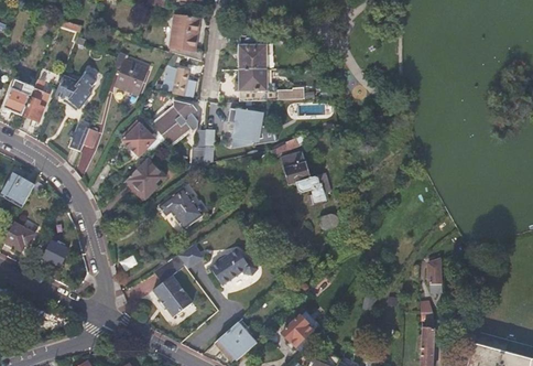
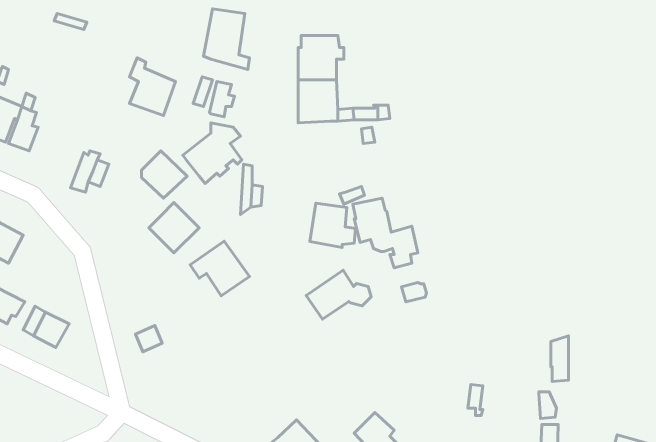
building: [55,73,94,109] -> none
building: [233,109,268,142] -> [310,203,356,248]
building: [210,249,259,286] -> [306,270,371,319]
building: [153,256,193,317] -> none

